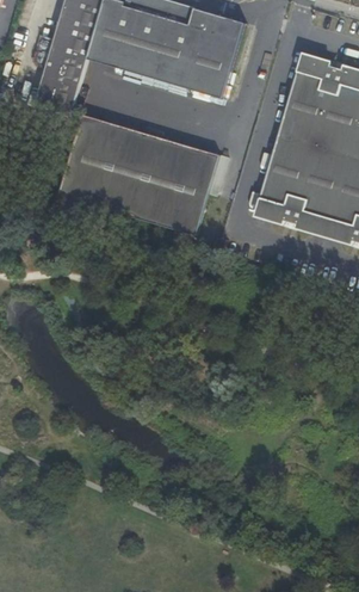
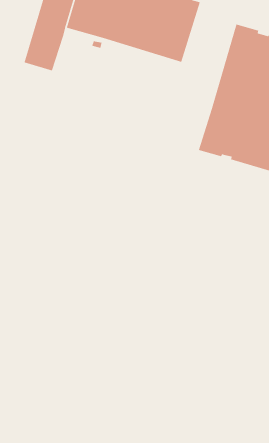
building: [57,116,217,235] -> none

